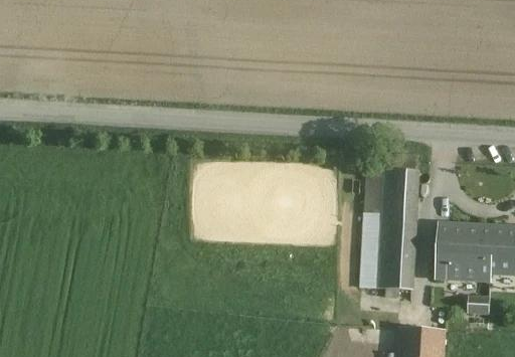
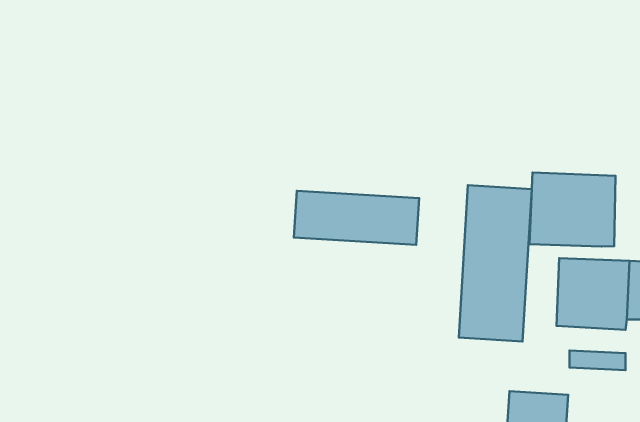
building: none -> [530,173,615,247]
building: none -> [294,191,419,245]

